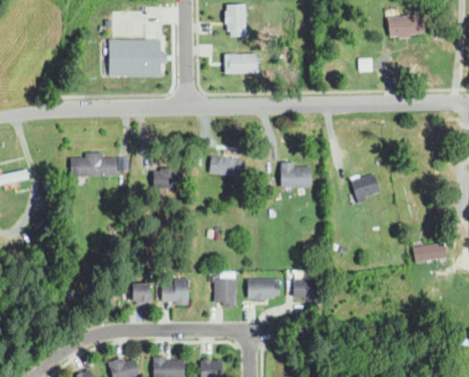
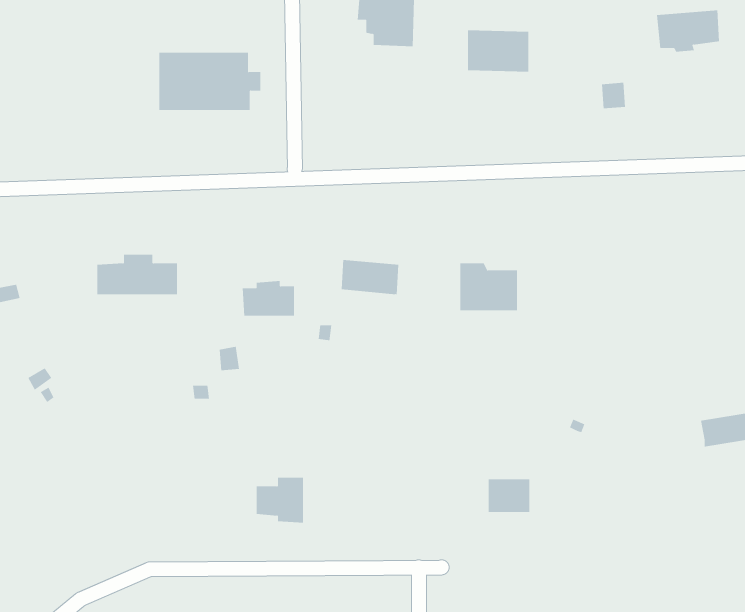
building: [220,48,256,72] -> [467,30,529,72]
building: [351,174,380,205] -> none
building: [213,273,236,308] -> none
building: [247,280,278,298] -> none
building: [130,285,149,306] -> none

